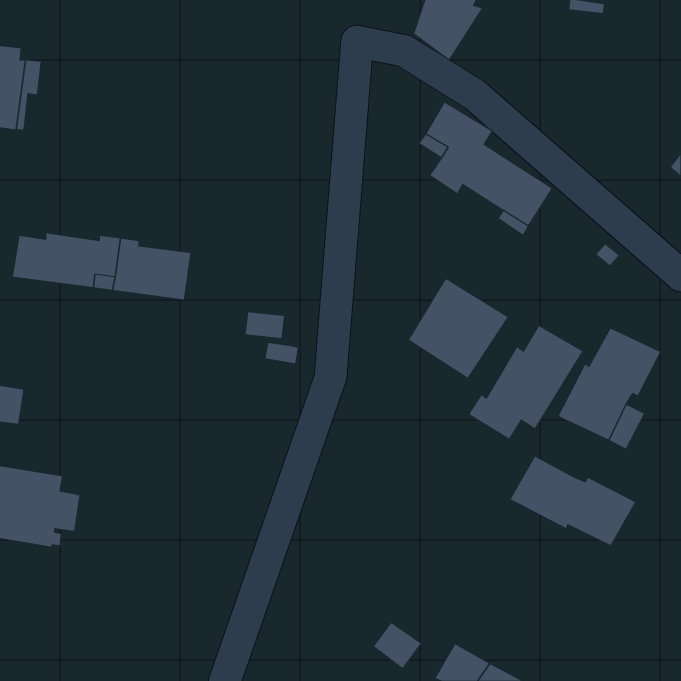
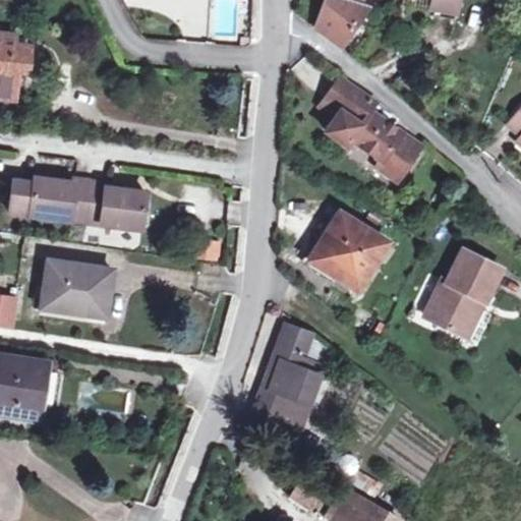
building: [469,325,583,439] -> none
building: none -> [42,259,113,315]
building: none -> [250,323,322,443]
building: [510,456,636,546] -> none

